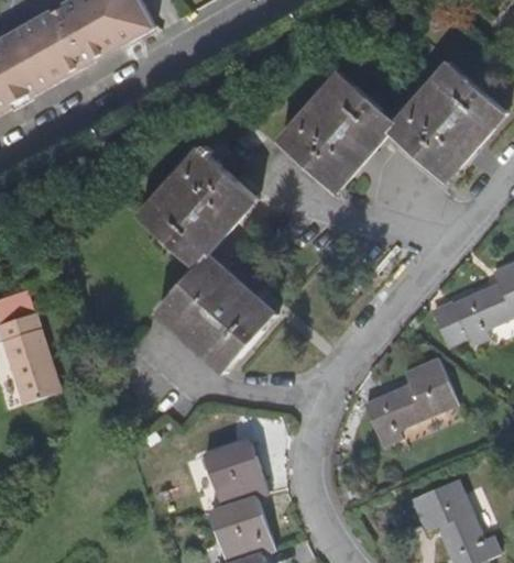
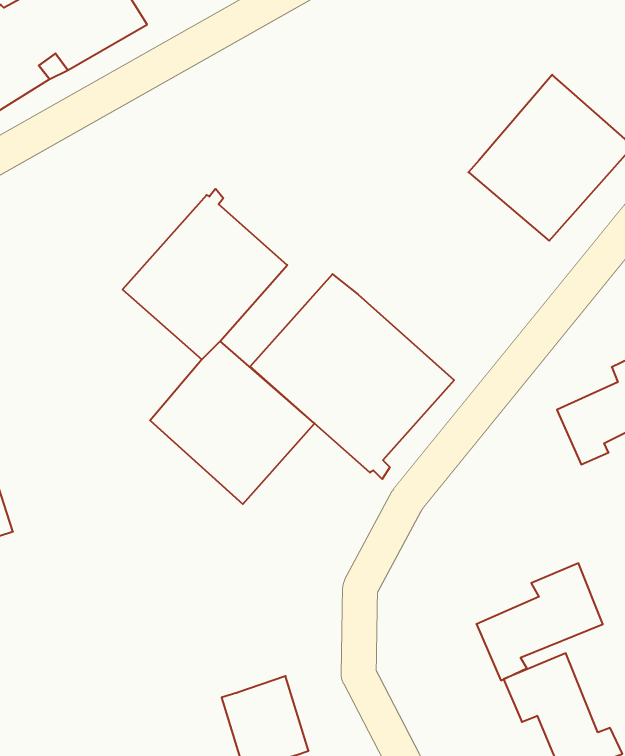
building: [277,73,395,191] -> none
building: none -> [250,274,454,479]
building: [364,360,456,444] -> [476,563,603,680]
building: [203,440,266,508] -> none

